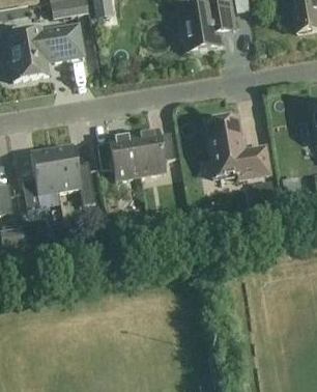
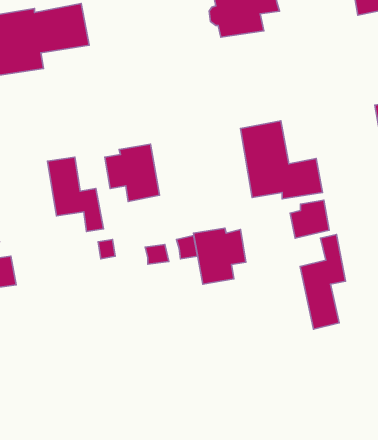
building: [133,130,174,174] -> [194,228,246,284]
building: [22,147,58,208] -> none
building: none -> [300,235,345,329]

